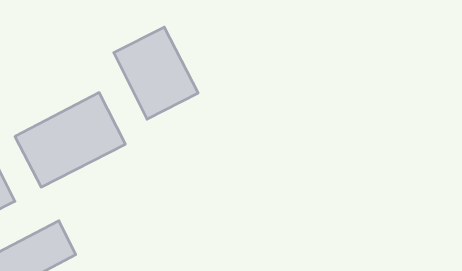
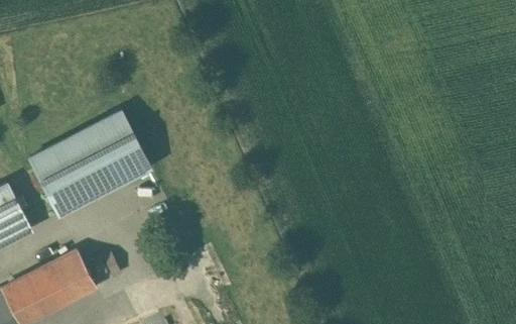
building: [114,27,198,119] -> none

